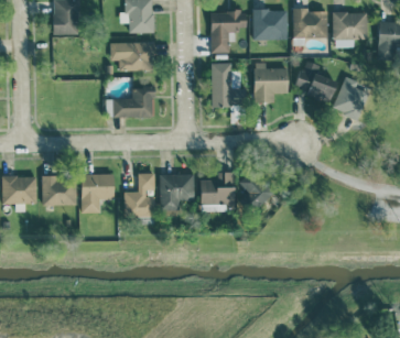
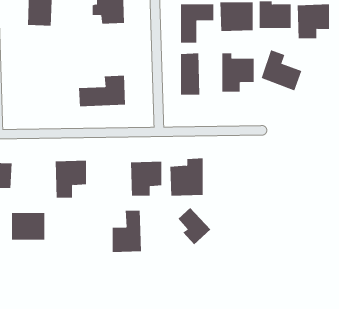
building: [109,42,153,70] -> none
building: [332,77,367,119] -> none
building: [238,171,273,210] -> [177,207,211,245]
building: [123,174,154,218] -> [112,210,142,253]
building: [41,177,76,206] -> [11,213,45,240]

